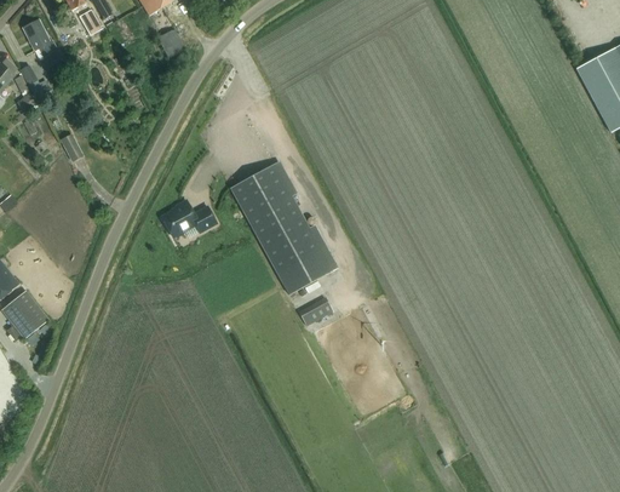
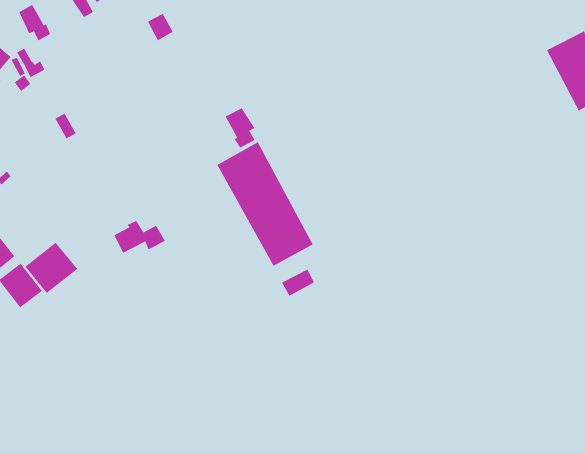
building: none -> [225,107,255,148]
building: [162,200,217,235] -> [114,220,166,254]
building: none -> [24,242,78,294]

